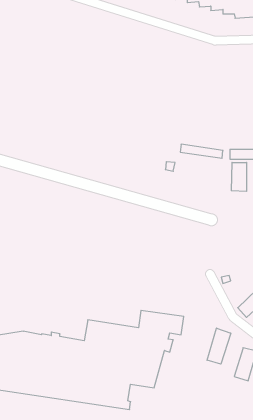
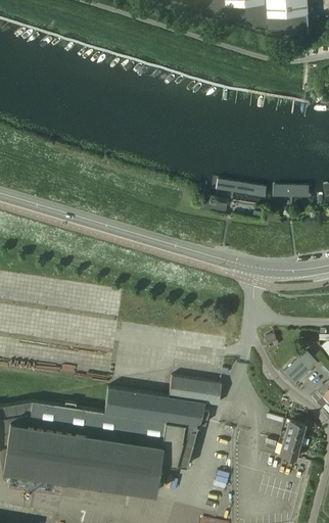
building: [231,162,247,191] -> none
building: [207,328,231,364] -> none

